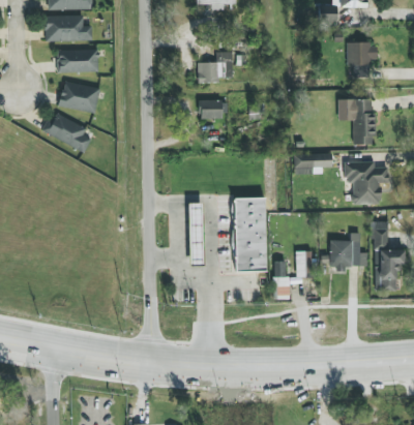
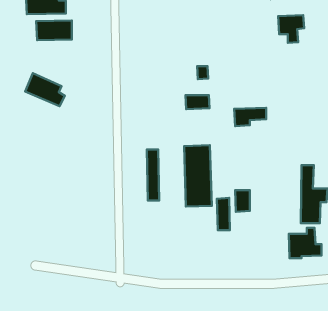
building: [198,52,233,82] -> none
building: [60,82,99,112] -> none
building: [338,98,375,145] -> none
building: [200,100,229,117] -> [185,95,210,109]
building: [345,161,389,204] -> none
building: [329,233,368,269] -> [289,228,322,258]

